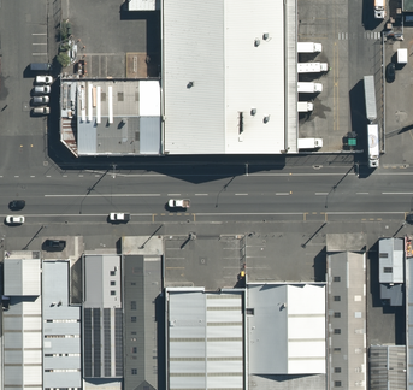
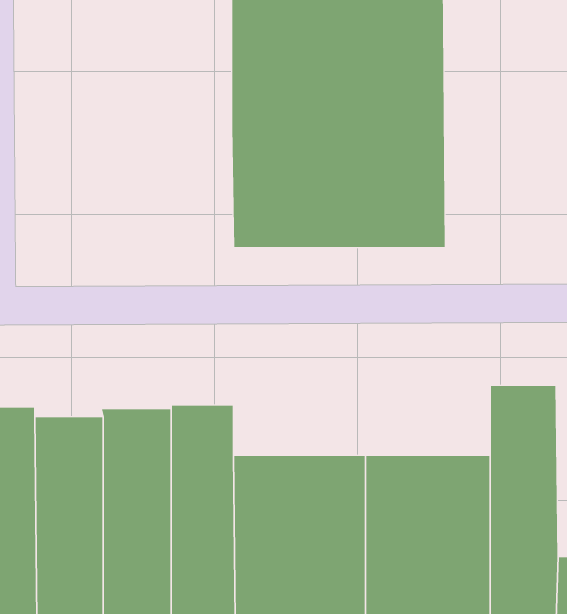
building: [59,82,164,156] -> none

